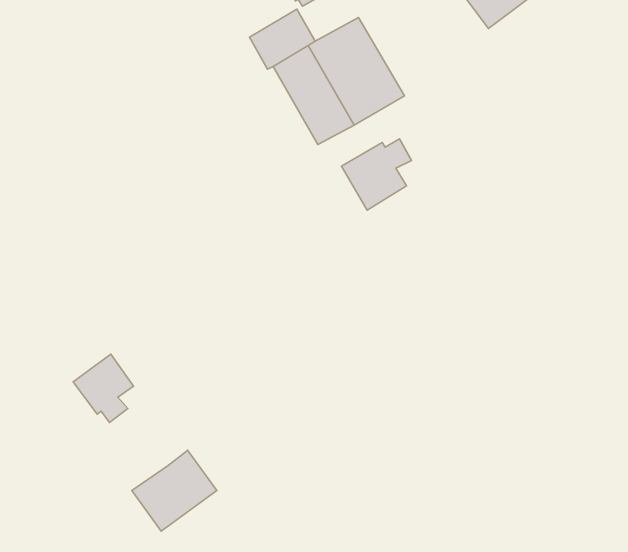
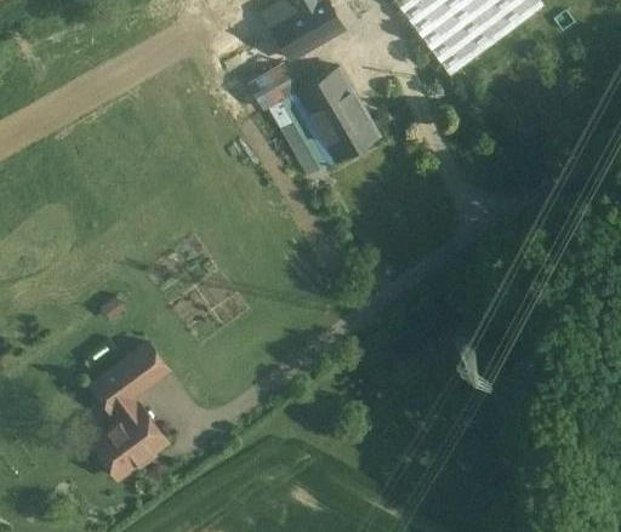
building: [342,139,412,210] -> none
building: none -> [125,342,169,387]
building: [132,450,217,531] -> [92,405,166,475]

